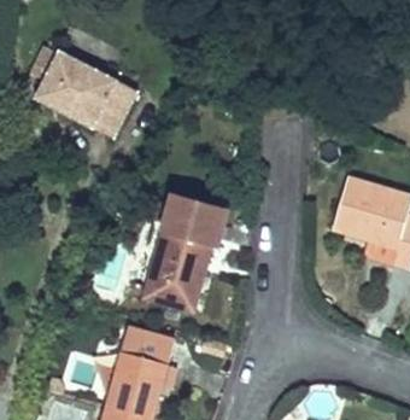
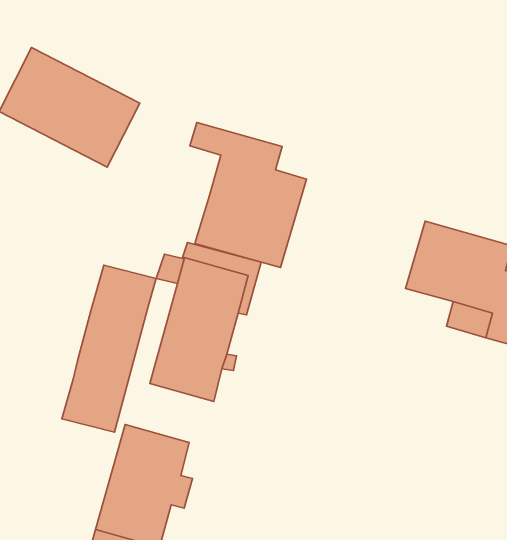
building: none -> [190,122,306,268]
building: none -> [62,265,156,432]

